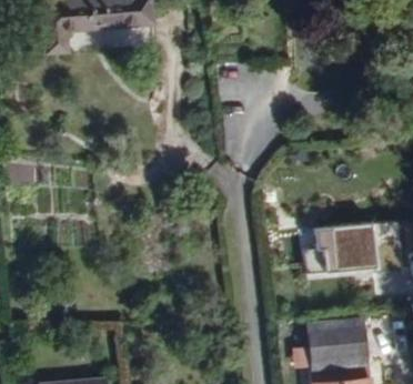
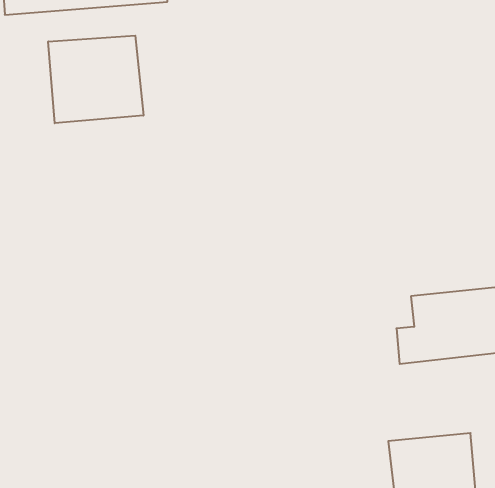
building: none -> [48,36,143,123]

